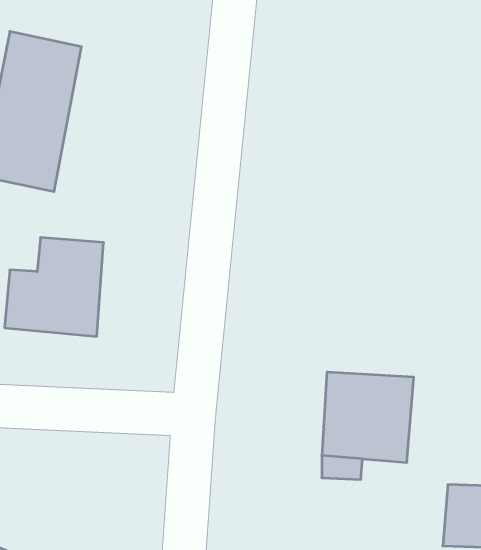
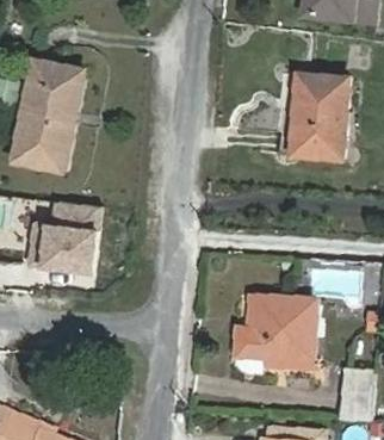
building: none -> [293,70,351,155]

